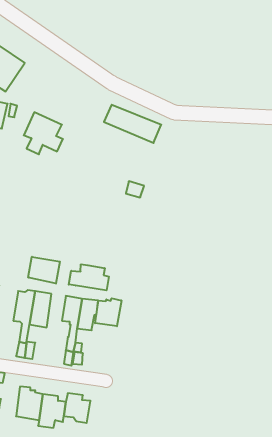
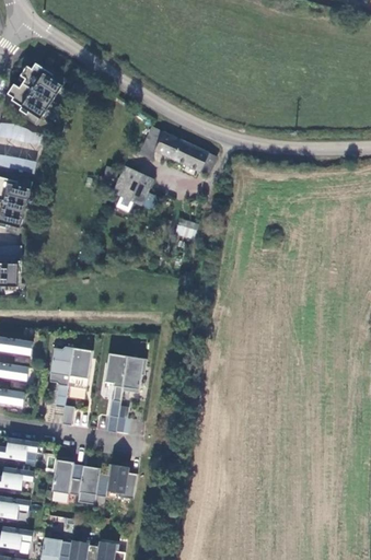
building: [24,112,63,154] -> [111,166,155,214]
building: [28,257,60,284] -> none
building: [69,264,109,290] -> none
building: [95,298,121,326] -> none

